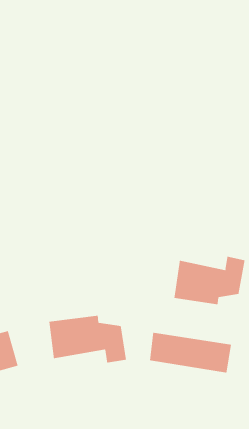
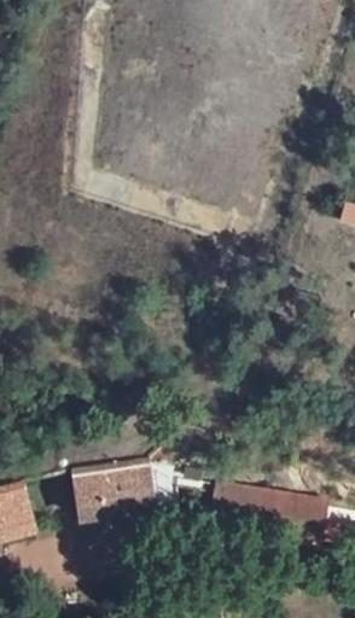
building: [174,256,245,305] -> none

